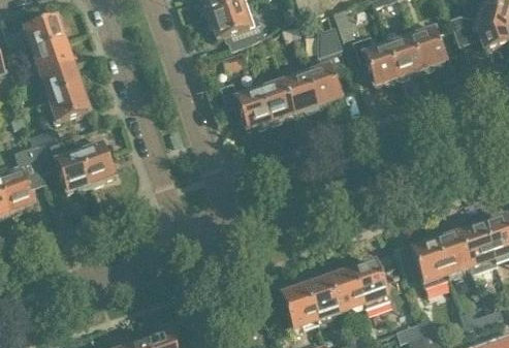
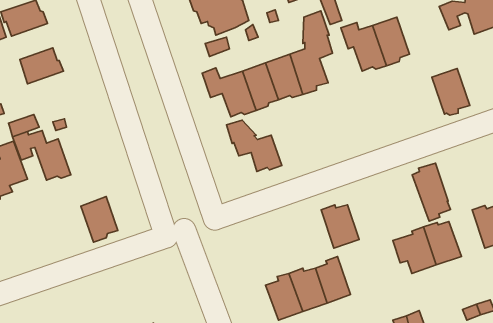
building: [409,25,446,70] -> [432,69,470,115]
building: [33,39,73,74] -> none
building: [49,86,90,123] -> none
building: none -> [226,120,282,171]
building: [78,143,115,187] -> [81,196,118,242]
building: [459,221,497,278] -> [412,163,450,221]
building: [351,261,388,304] -> [321,205,359,248]

